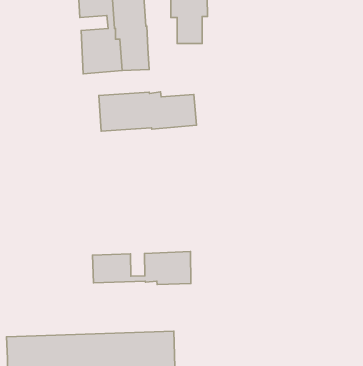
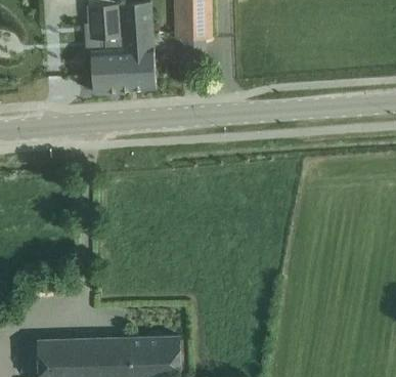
building: [99,92,197,131] -> none
building: [92,252,191,285] -> none

